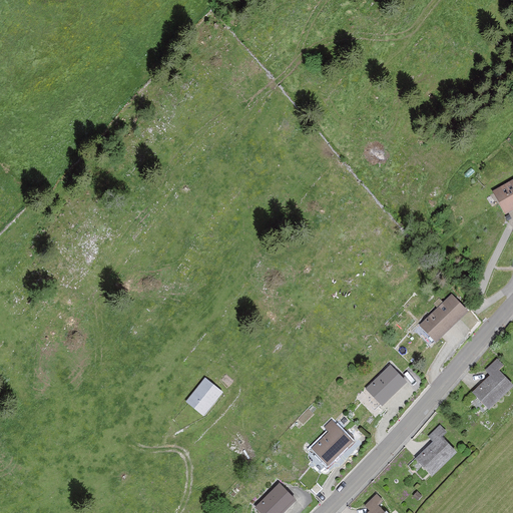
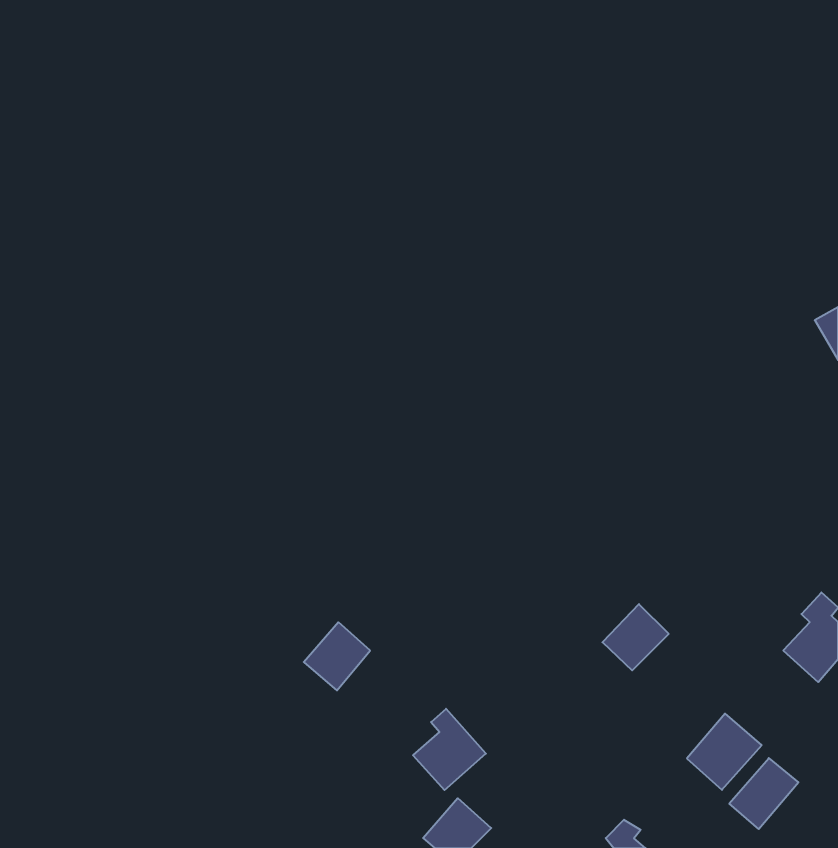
building: [419,291,469,341] -> none
building: [311,417,355,466] -> [413,709,486,790]
building: none -> [729,758,798,829]

